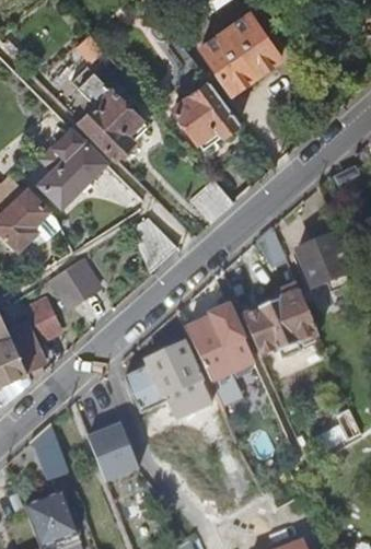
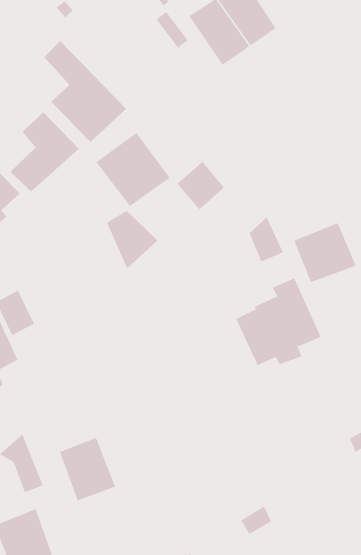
building: [173,81,241,149] -> [96,132,171,207]
building: [51,258,101,305] -> none
building: [188,306,254,382] -> none
building: [128,344,212,420] -> none

